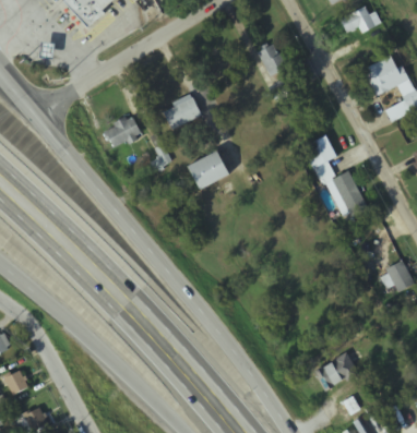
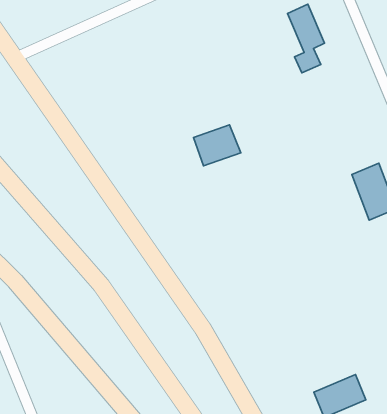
building: [162,95,201,129] -> none
building: [102,115,141,149] -> none
building: [301,134,337,181] -> none

